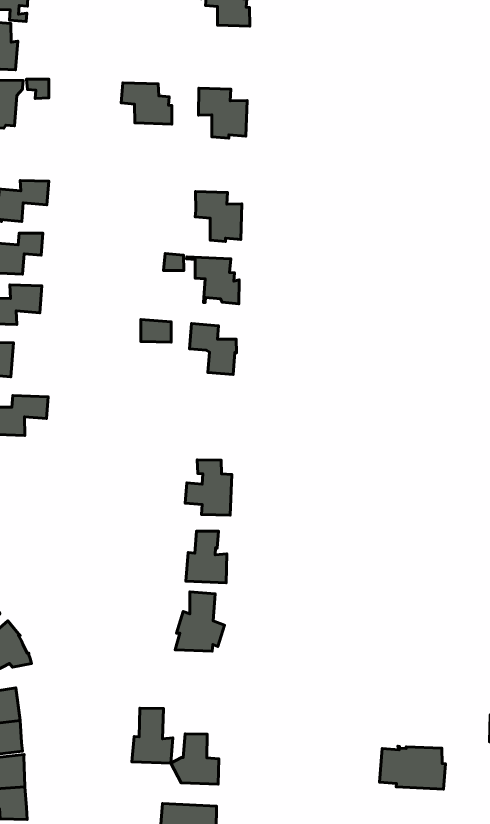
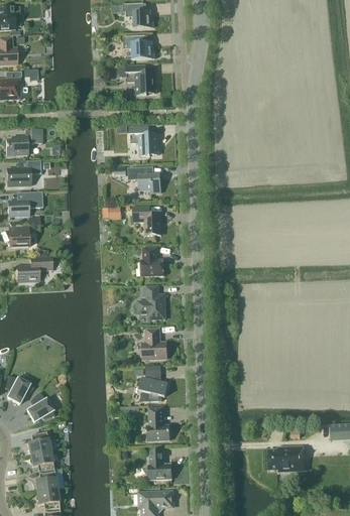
building: [121,83,172,124] -> [123,35,154,59]
building: none -> [140,247,163,276]
building: [132,708,173,763] -> [146,407,169,440]

